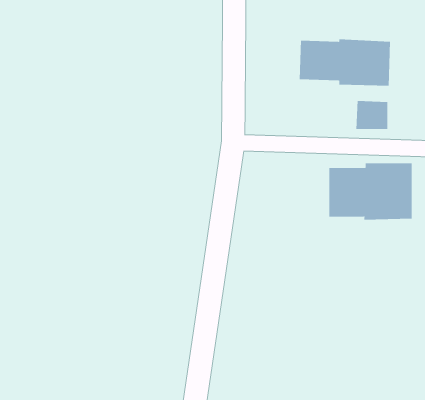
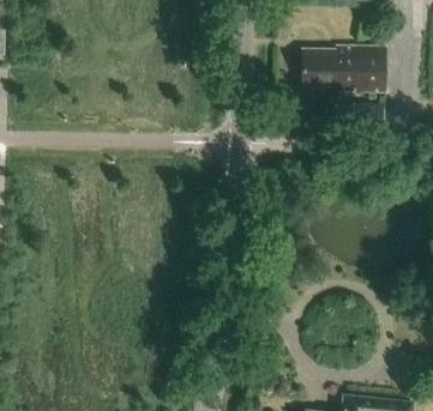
building: [329,162,412,220] -> none

